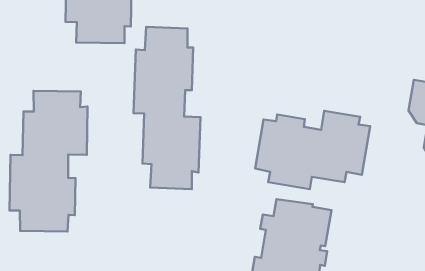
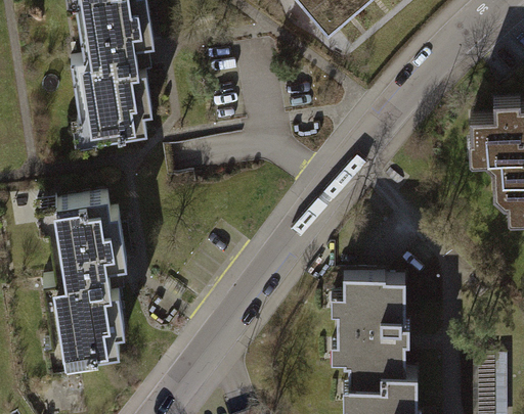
building: [134,27,200,189] -> none
building: [255,111,370,189] -> none

